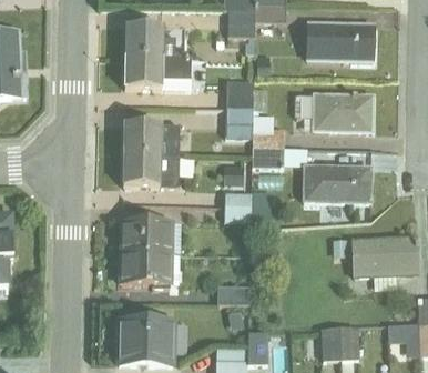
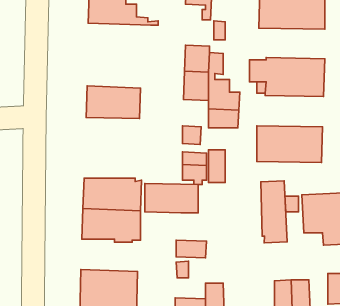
building: [123,56,191,89] -> none
building: [122,155,179,186] -> [145,184,198,213]
building: none -> [261,181,287,243]

